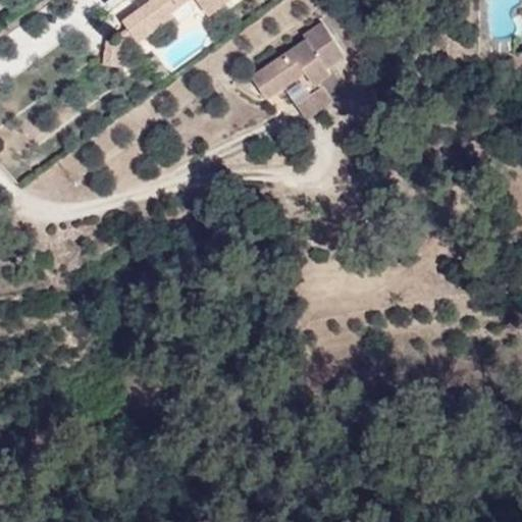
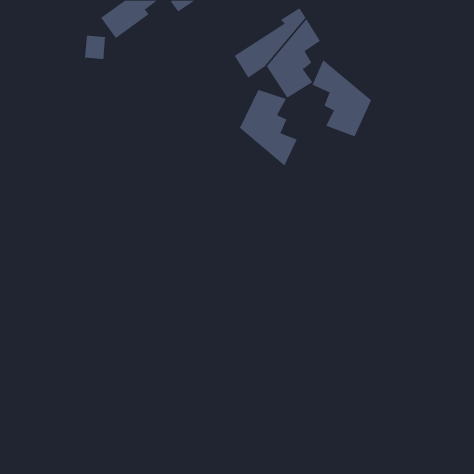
building: none -> [312,59,372,137]
building: none -> [239,89,298,167]

